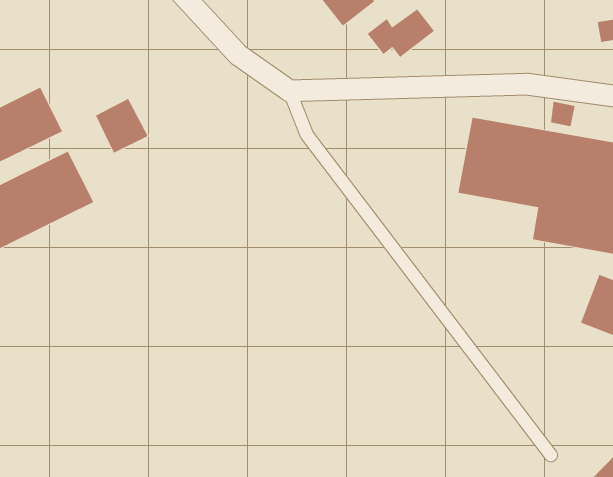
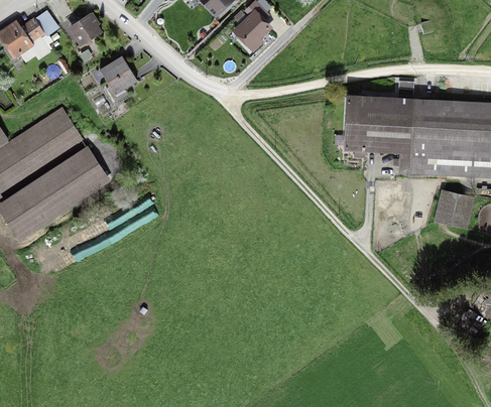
building: [367,8,435,58] -> none
building: [95,98,148,154] -> [99,54,135,92]

